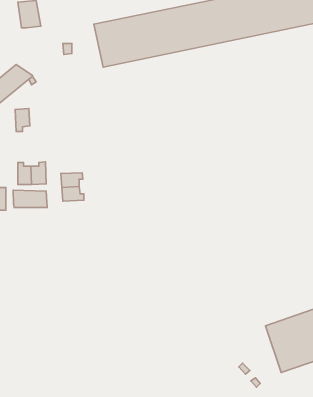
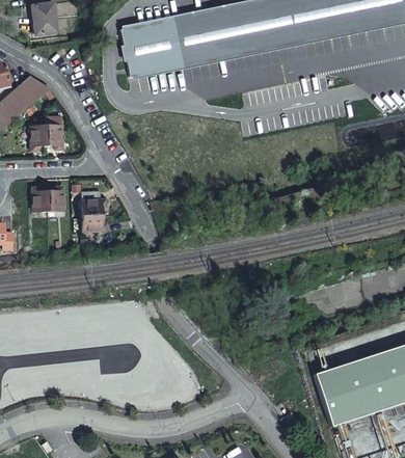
building: none -> [46,117,62,151]
building: [13,190,47,207] -> none

